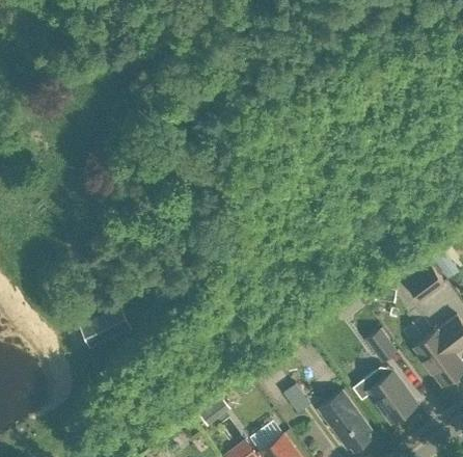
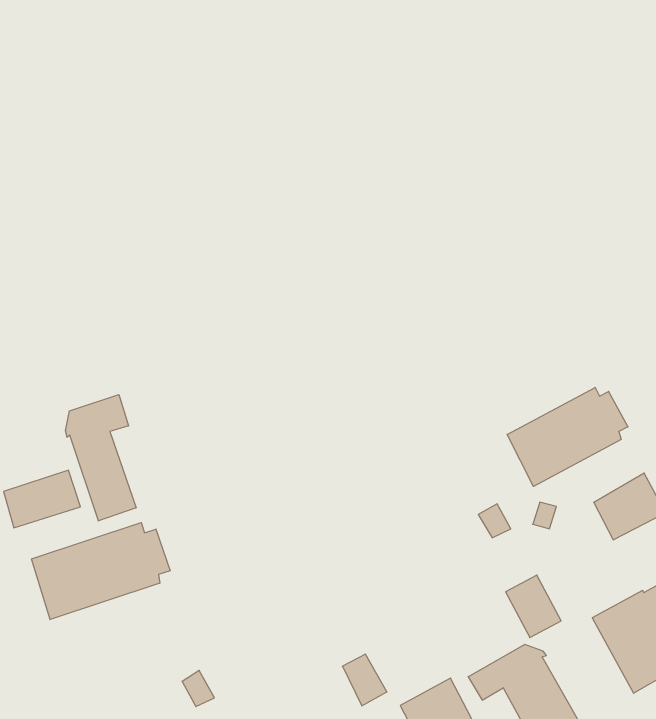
building: none -> [507,387,628,486]
building: none -> [66,395,136,521]
building: none -> [32,523,170,620]

